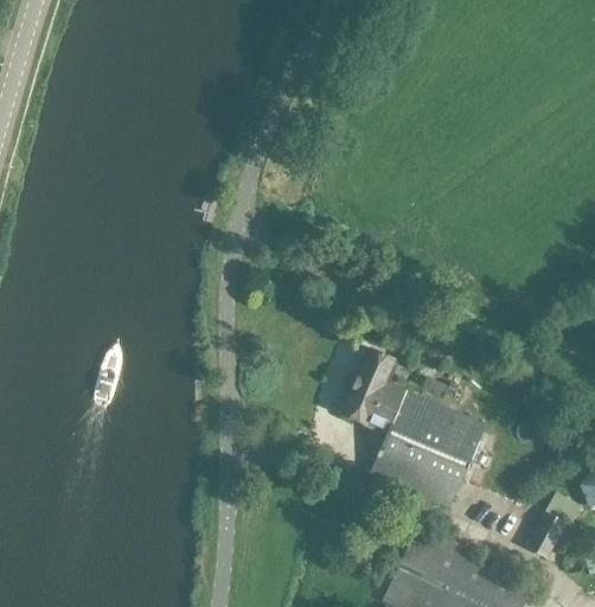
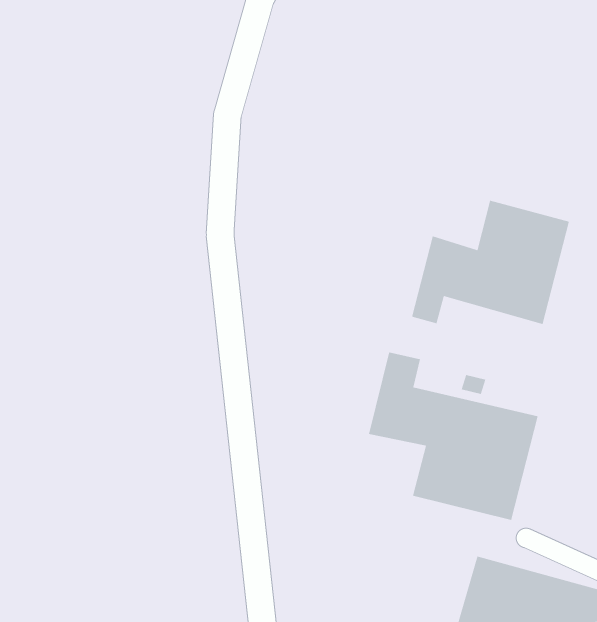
building: none -> [411,200,569,325]

